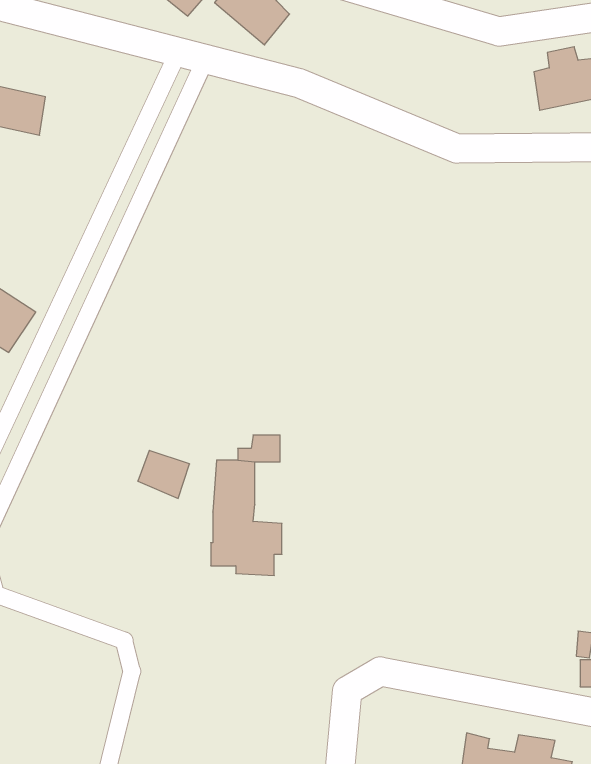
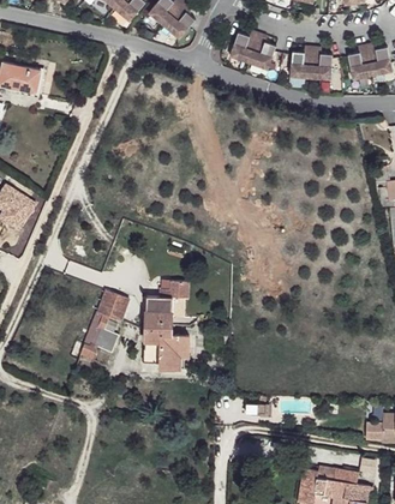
building: none -> [227,28,274,68]
building: none -> [288,43,330,79]
building: none -> [82,311,124,360]

